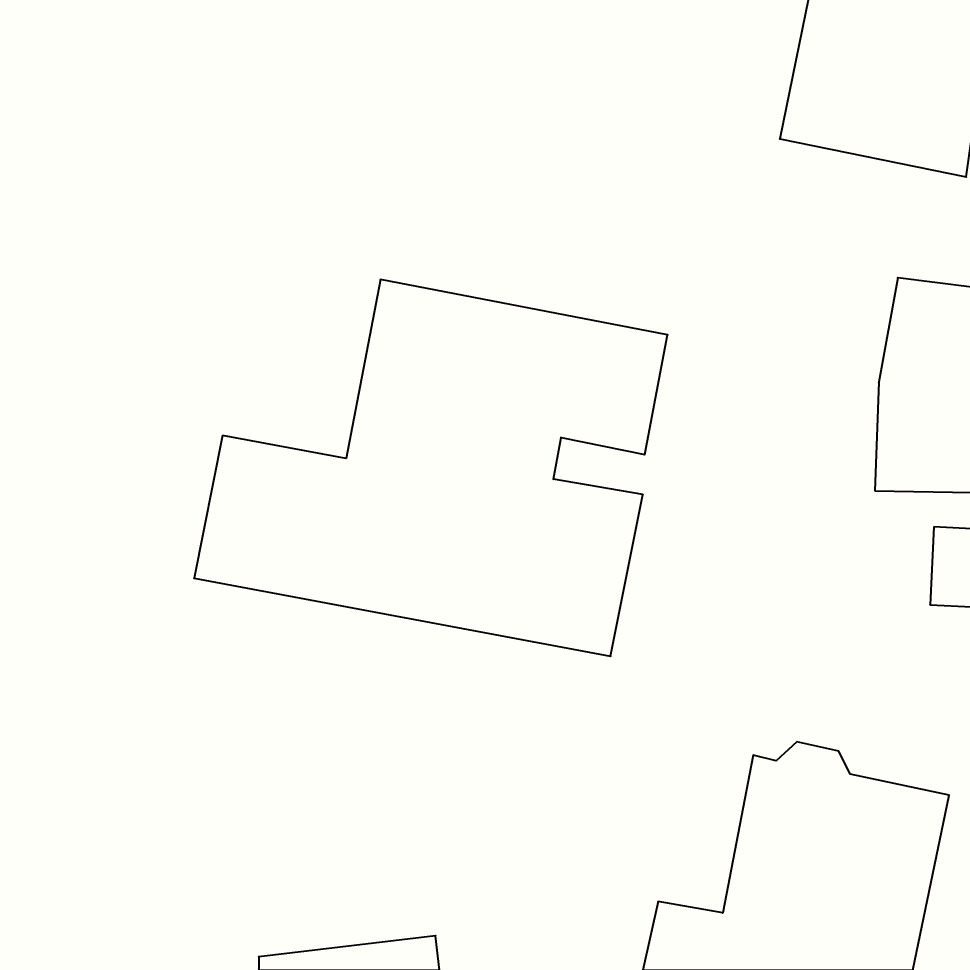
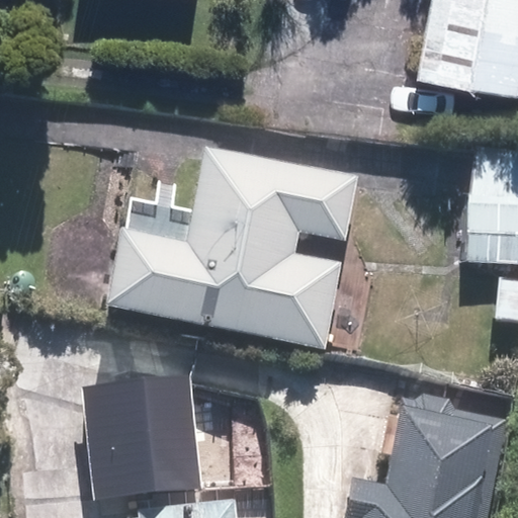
building: none -> [83,372,199,498]

